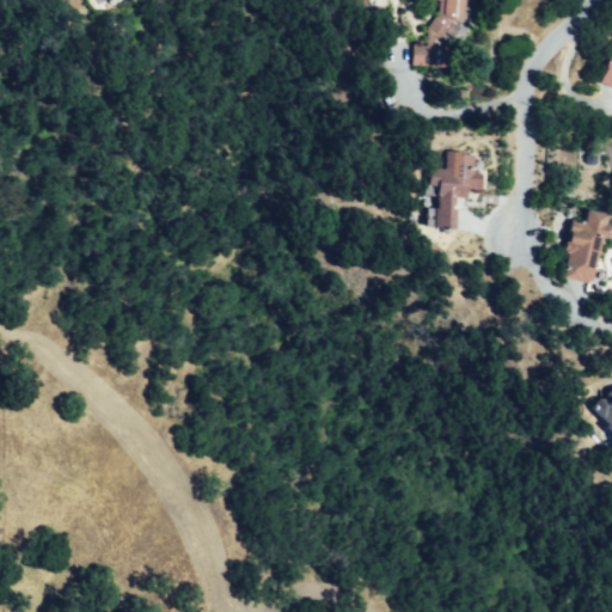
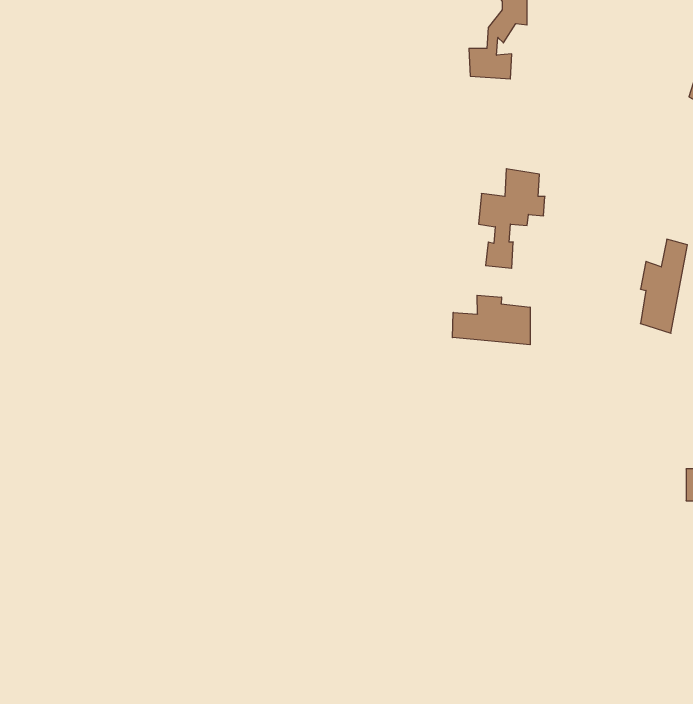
building: none -> [452,295,530,345]

